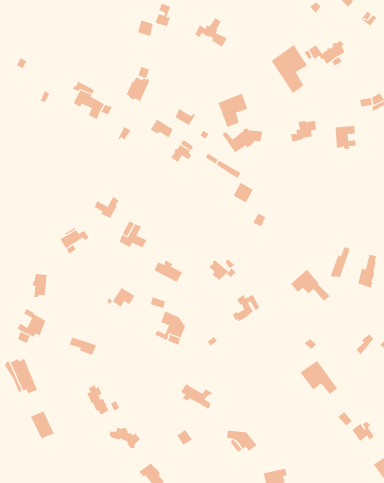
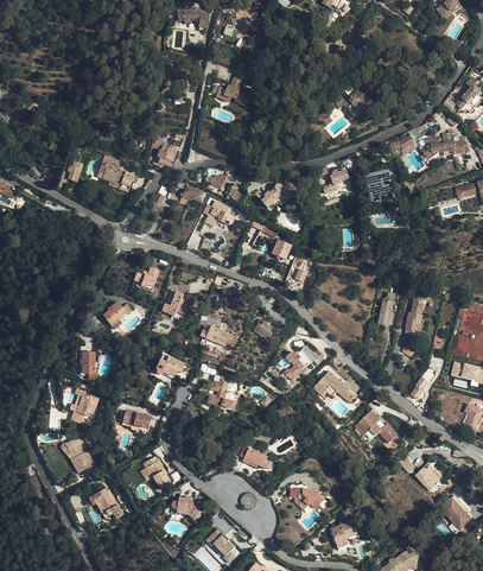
building: [271,44,308,94] -> none
building: [218,93,248,128] -> none
building: [290,269,330,302] -> [313,372,355,402]

